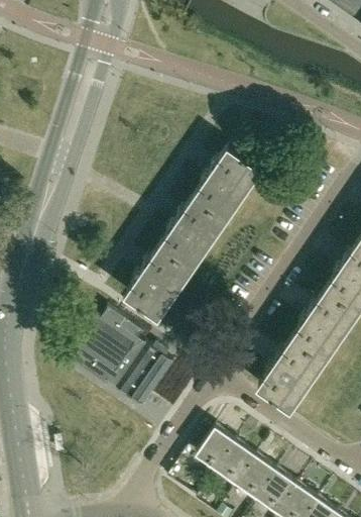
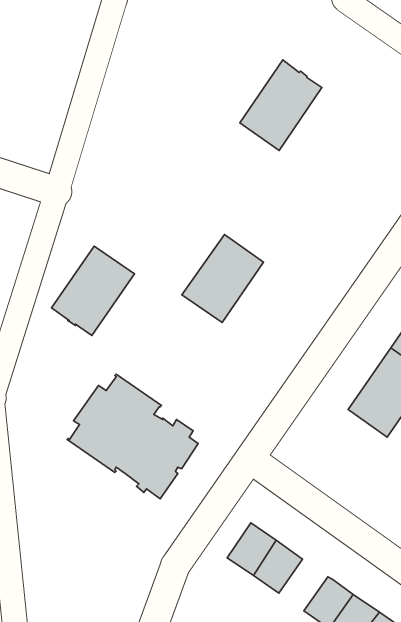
building: [195,147,260,220] -> [240,60,322,150]
building: [126,246,193,318] -> [51,246,135,336]
building: [259,338,325,410] -> none
building: [238,458,277,500] -> none

